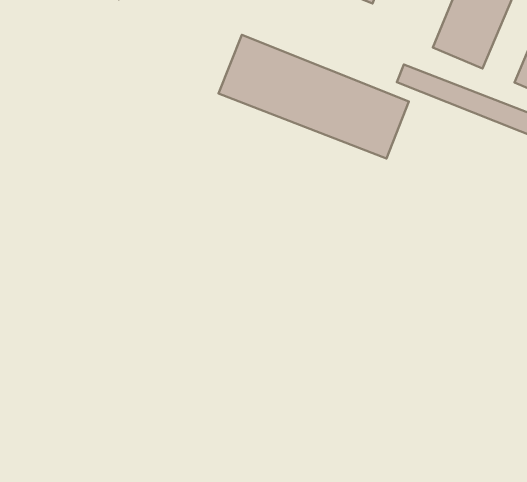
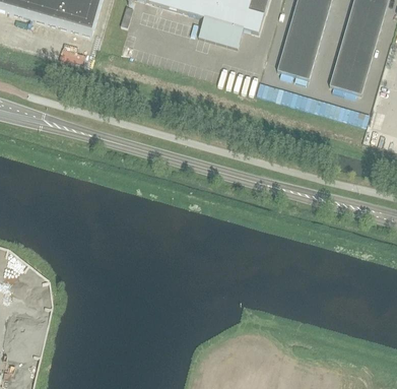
building: [218,35,409,159] -> none

